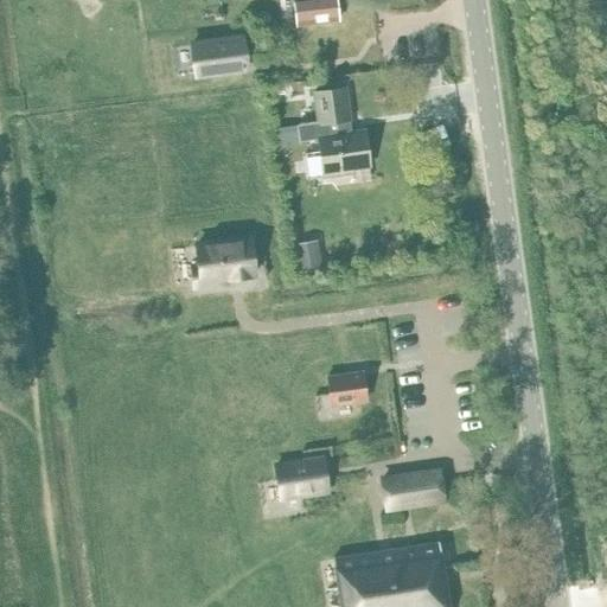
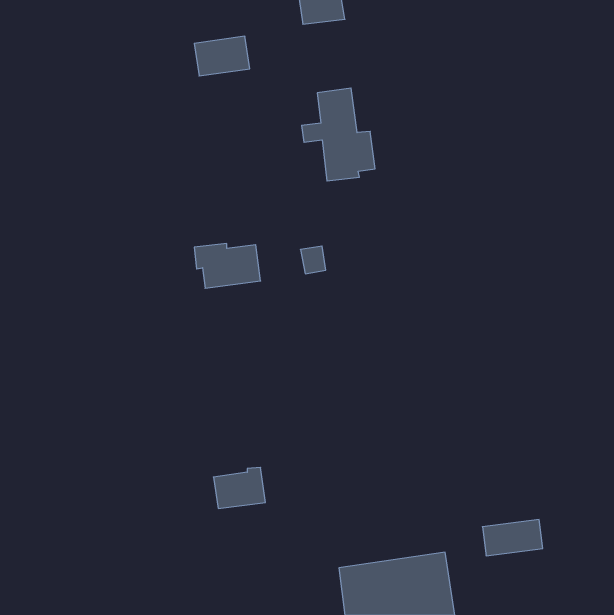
building: [327,371,369,405] -> none
building: [277,455,328,496] -> [213,467,265,508]
building: [386,471,446,506] -> [482,520,543,556]

